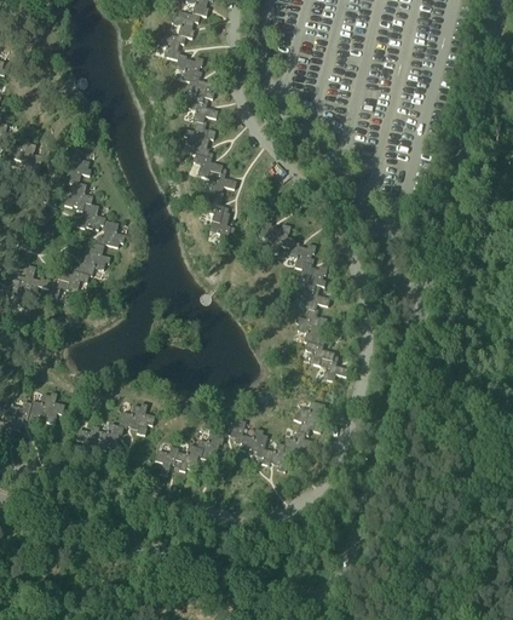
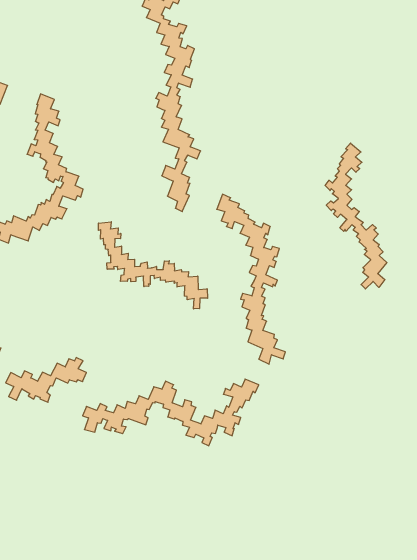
building: none -> [325,143,387,289]
building: none -> [99,222,208,309]

